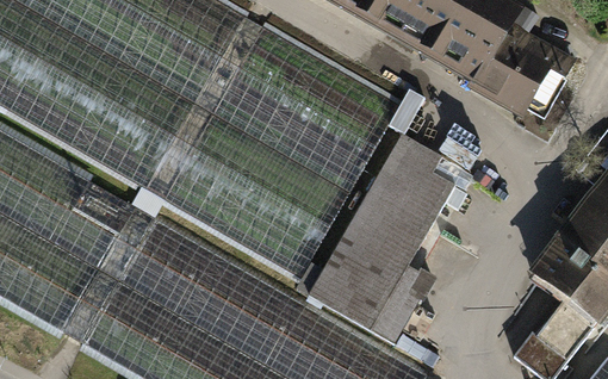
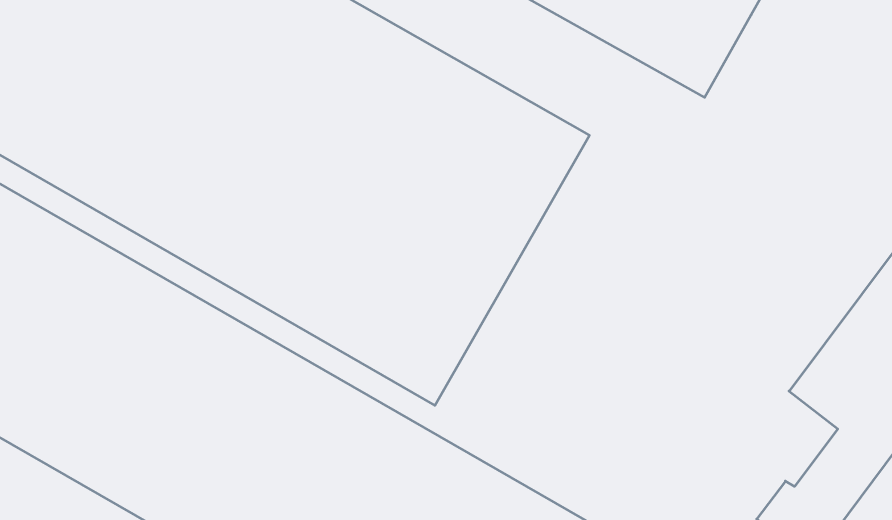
building: [474,21,573,117] -> none
building: [306,130,455,343] -> none

